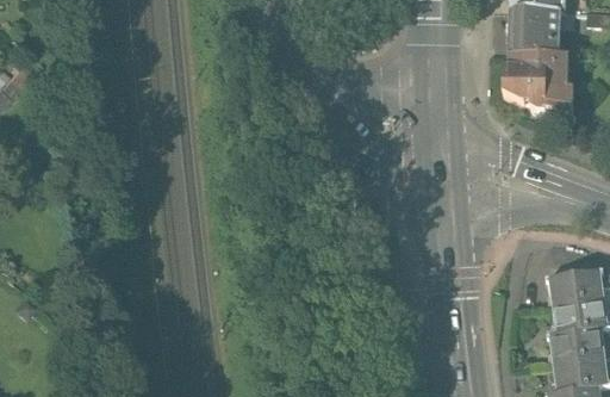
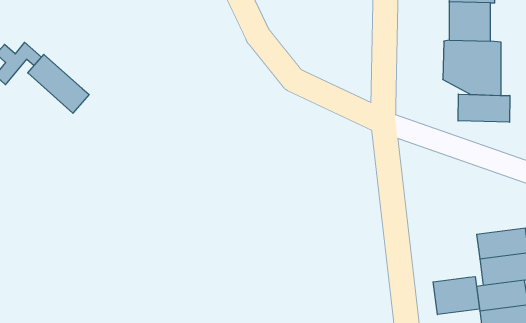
building: none -> [28,54,89,113]
building: none -> [458,94,510,122]
building: none -> [433,277,480,315]

